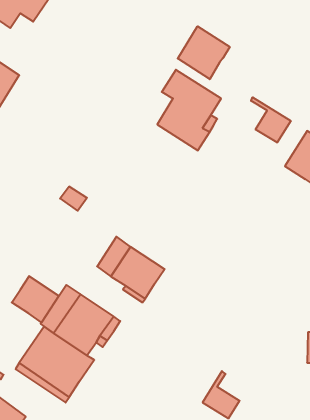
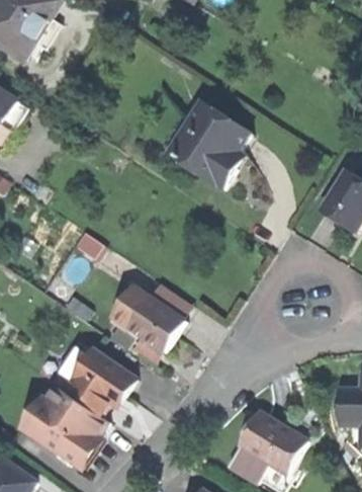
building: [178,26,230,79] -> none
building: [251,97,291,143] -> none
building: [12,276,59,322] -> none
building: none -> [245,414,307,475]

